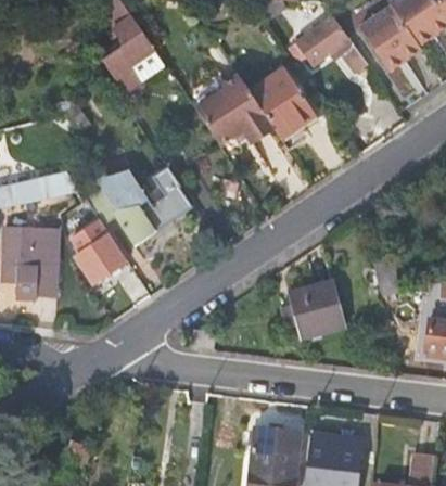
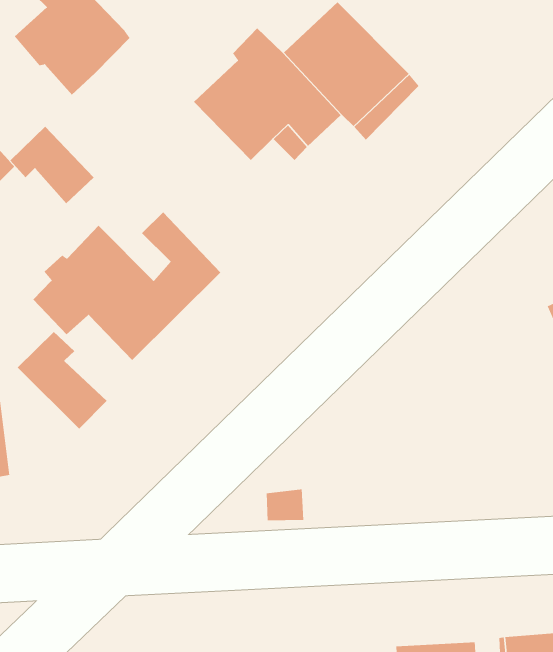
building: none -> [10,126,94,204]
building: [283,284,346,341] -> none

